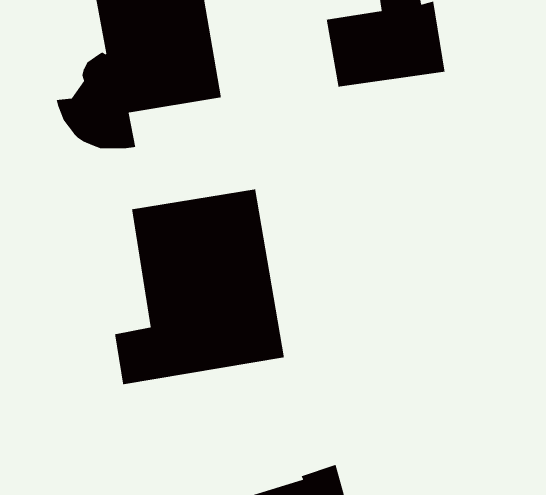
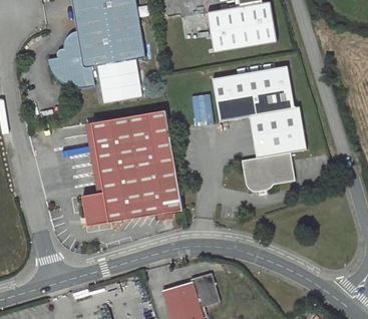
building: none -> [213,66,307,192]
building: none -> [101,73,130,101]

